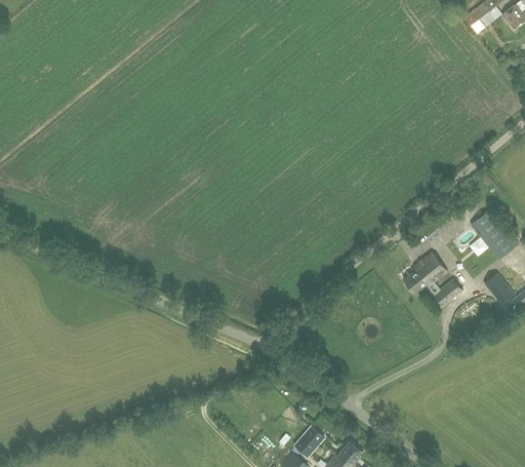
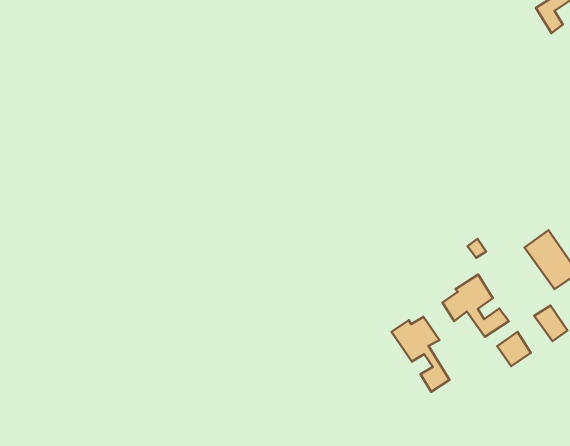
building: none -> [392,317,450,392]
building: none -> [497,332,531,366]

